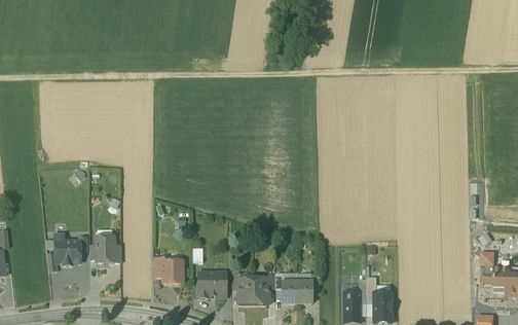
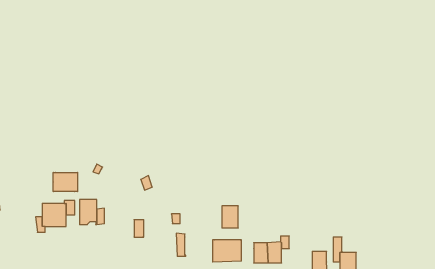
building: none -> [53,172,78,192]
building: [162,260,182,284] -> none
building: [208,272,225,295] -> [222,206,238,228]

